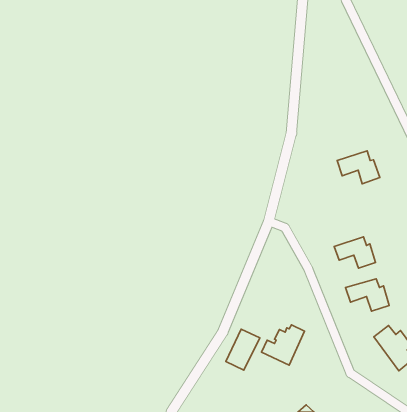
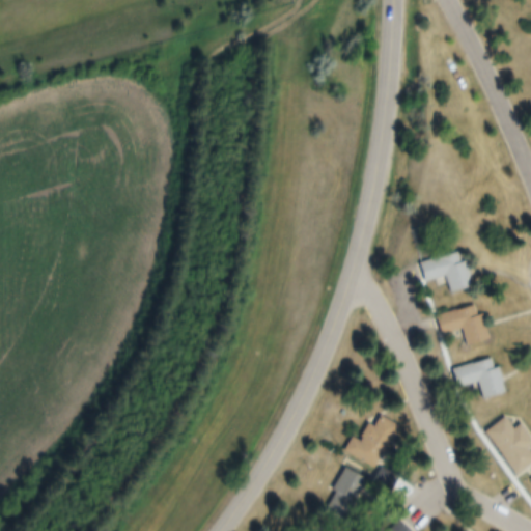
building: [337,151,380,184] -> [418,249,473,291]
building: [226,329,260,370] -> [325,468,368,521]

